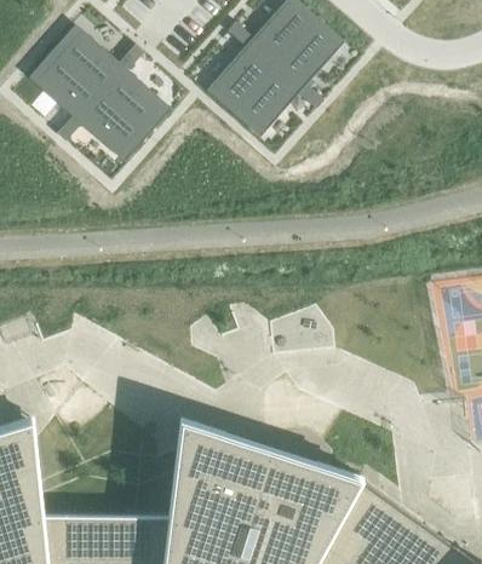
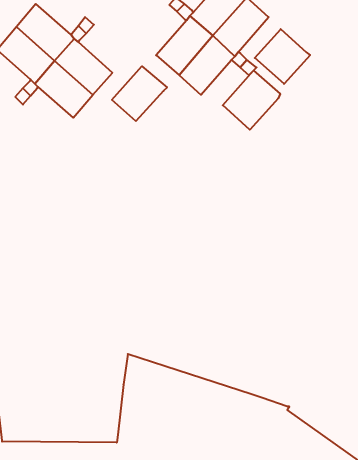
building: none -> [255,29,310,84]
building: none -> [112,66,167,121]
building: none -> [223,70,280,130]

